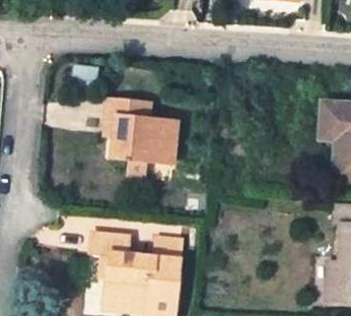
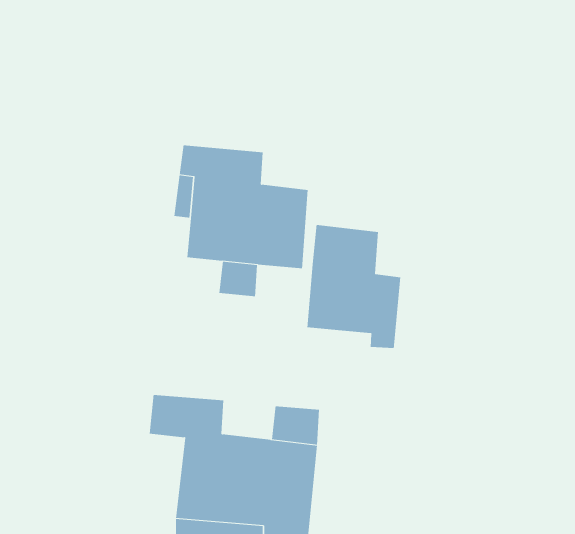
building: none -> [307,224,401,349]

